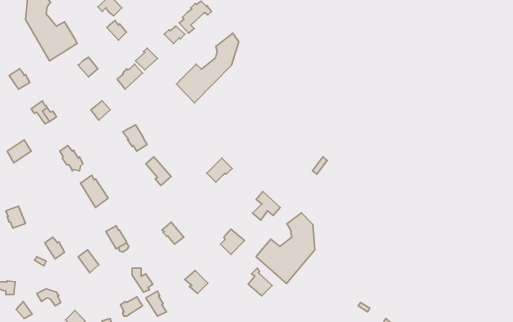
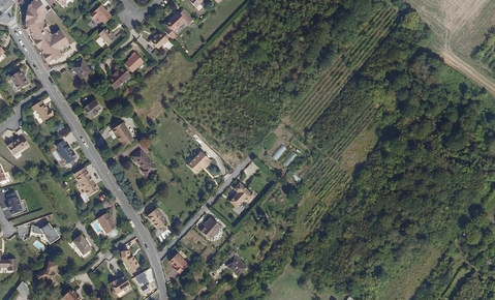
building: [177,33,239,103] -> none
building: [256,213,315,284] -> none

